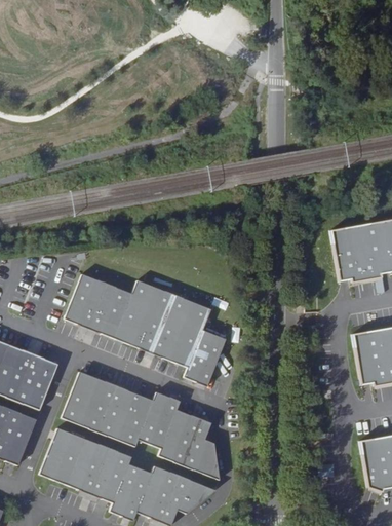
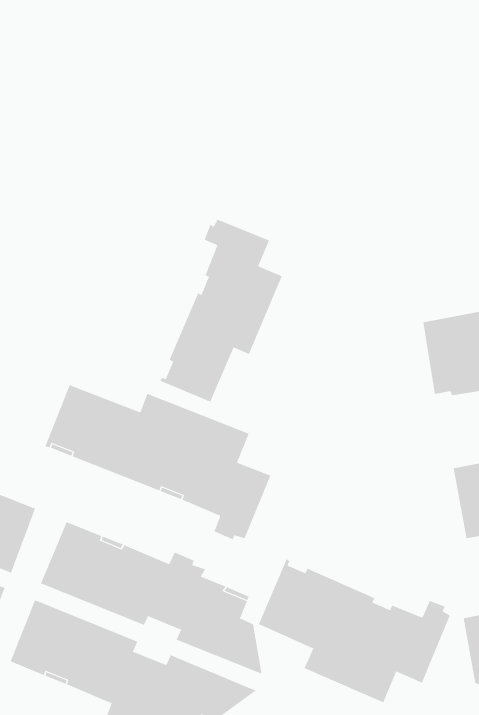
building: none -> [160,219,283,402]
building: none -> [258,558,450,703]

